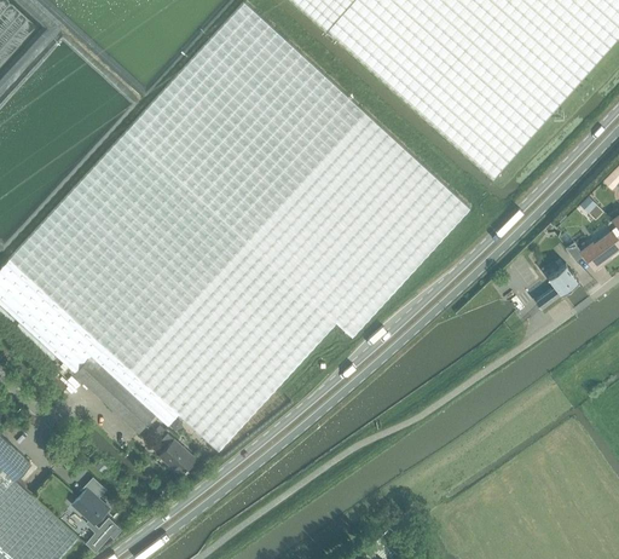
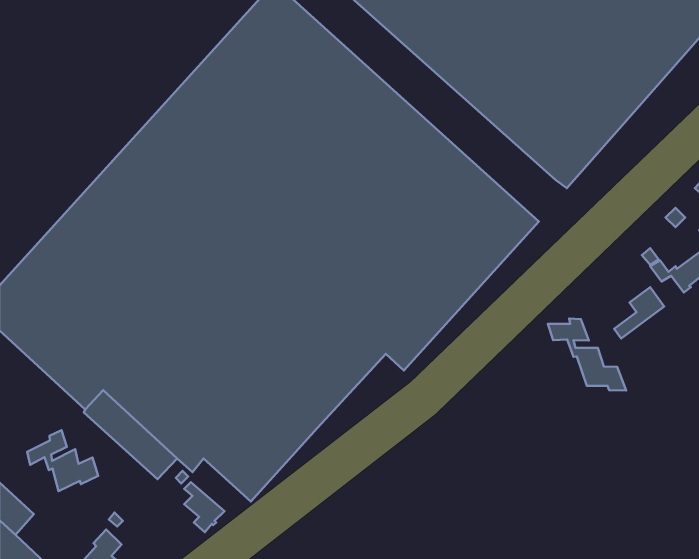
building: none -> [548,318,626,391]
building: none -> [27,430,98,491]

